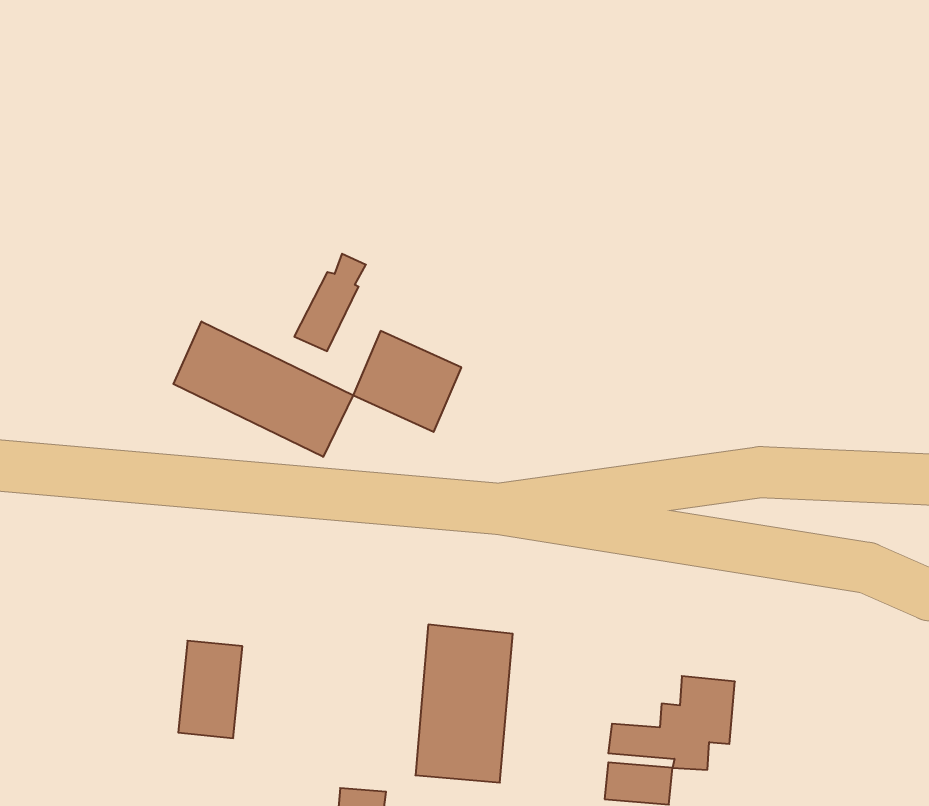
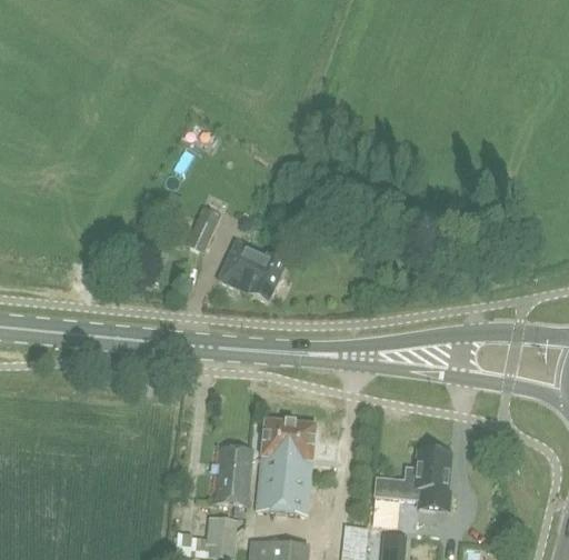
building: [173,321,353,457] -> none
building: [178,641,242,738] -> [214,444,253,503]

